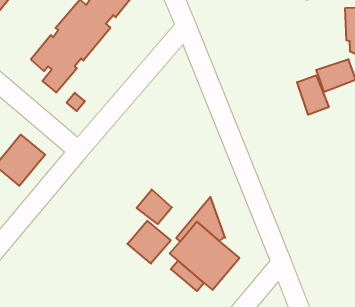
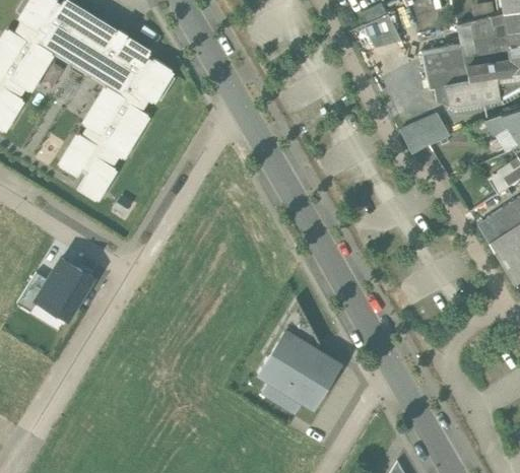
building: [297,75,329,115] -> none
building: [137,189,172,224] -> none
building: [127,221,171,264] -> none

